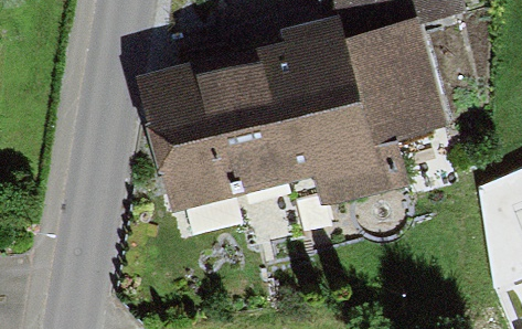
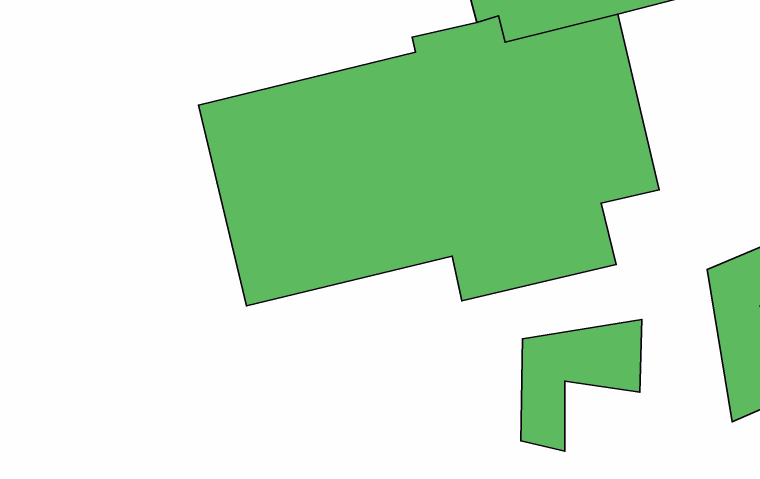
building: none -> [521,319,642,451]

